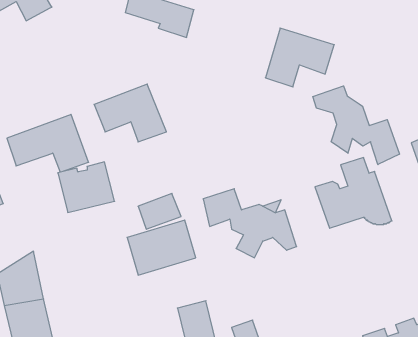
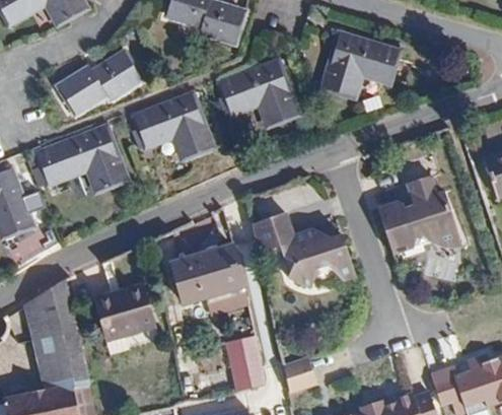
building: none -> [58,54,141,115]
building: none -> [220,61,298,126]
building: [313,86,399,165] -> none
building: [58,162,115,212] -> [94,286,157,342]

